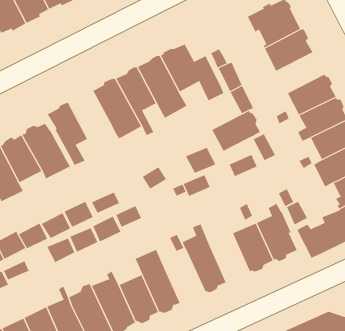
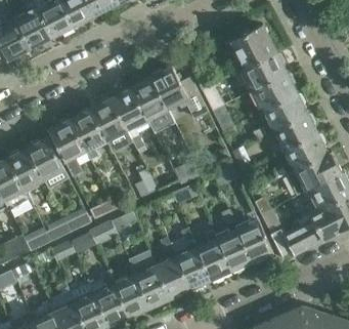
building: none -> [68,109,106,161]
building: [212,110,261,152] -> [253,75,297,112]
building: none -> [193,232,229,281]
building: none -> [152,255,189,299]

